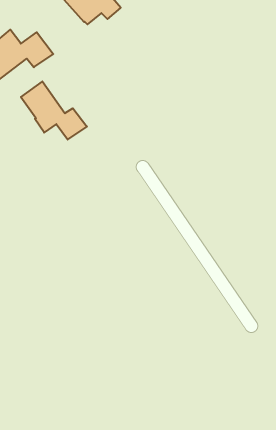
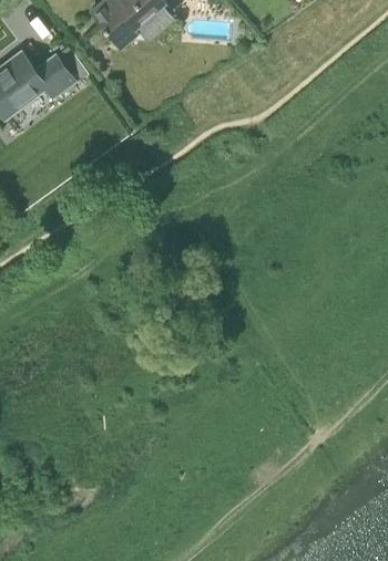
building: [21,81,87,140] -> none

